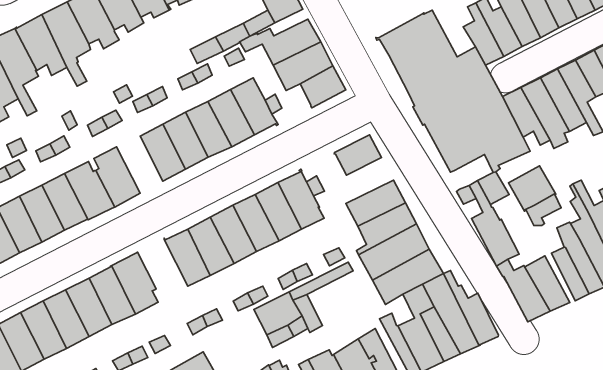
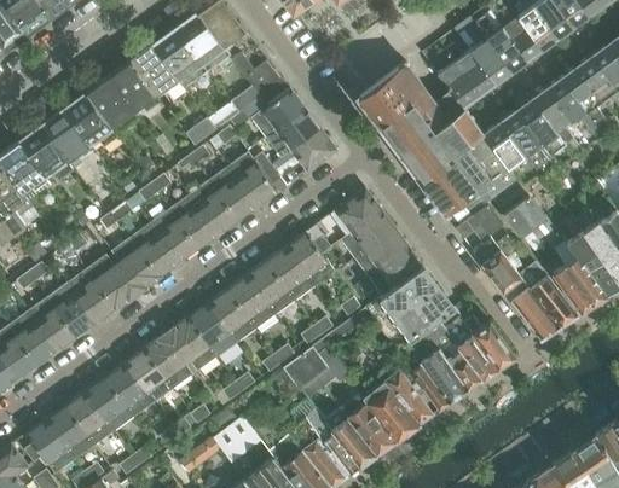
building: none -> [131,223,179,277]
building: none -> [341,208,394,256]
building: none -> [166,316,218,372]

